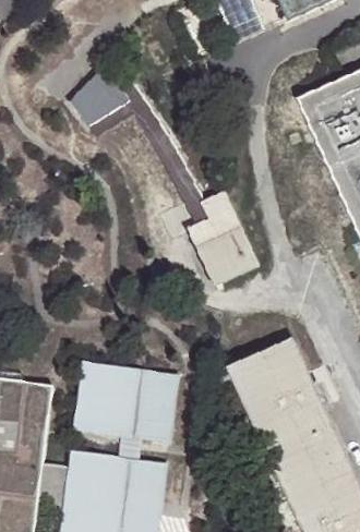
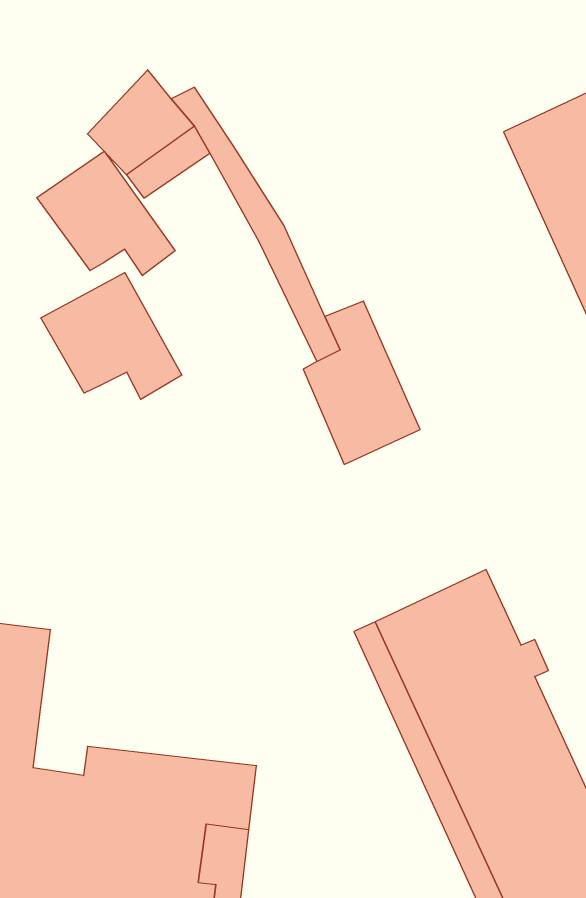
building: none -> [37,151,175,276]
building: none -> [41,273,182,399]
building: [71,355,173,434] -> none

